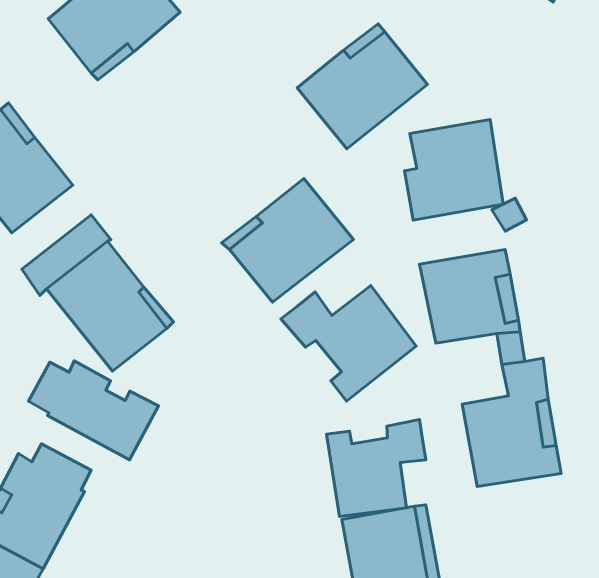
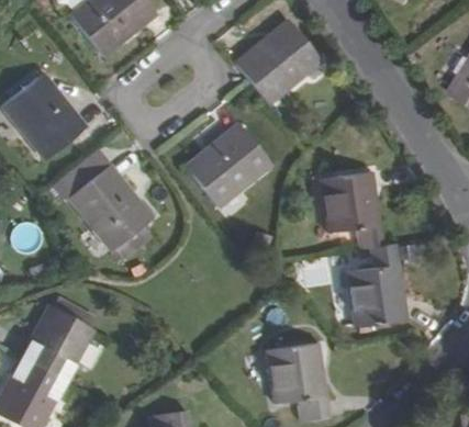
building: [405,119,503,220] -> none
building: [281,286,416,401] -> none
building: [28,361,159,460] -> none
building: [327,420,426,516] -> none

